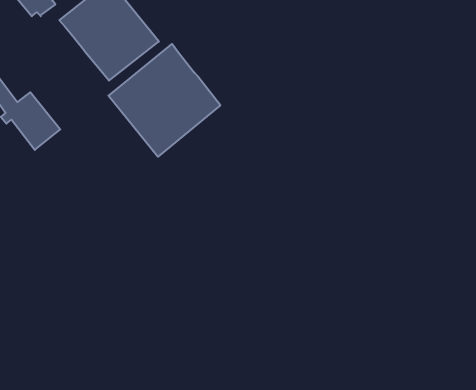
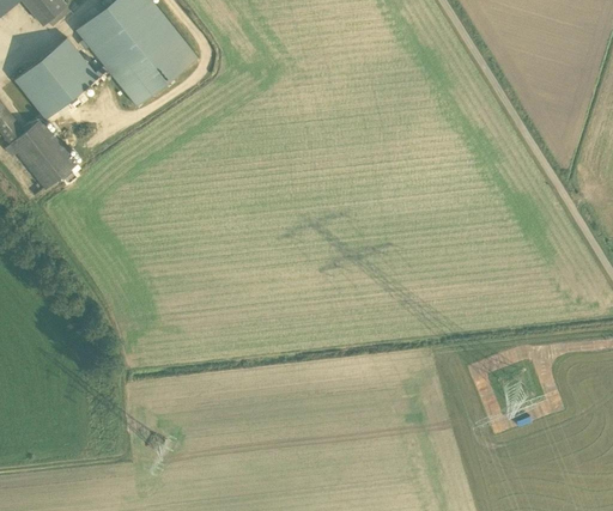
building: none -> [13,37,98,120]
building: [108,44,220,157] -> none

